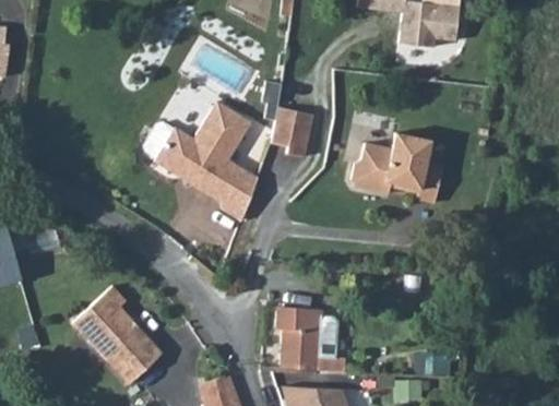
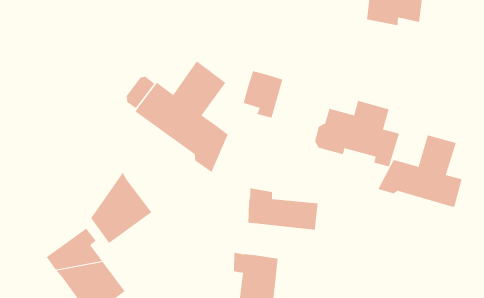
building: none -> [377,135,462,208]
building: none -> [90,172,152,244]
building: none -> [248,188,318,230]

